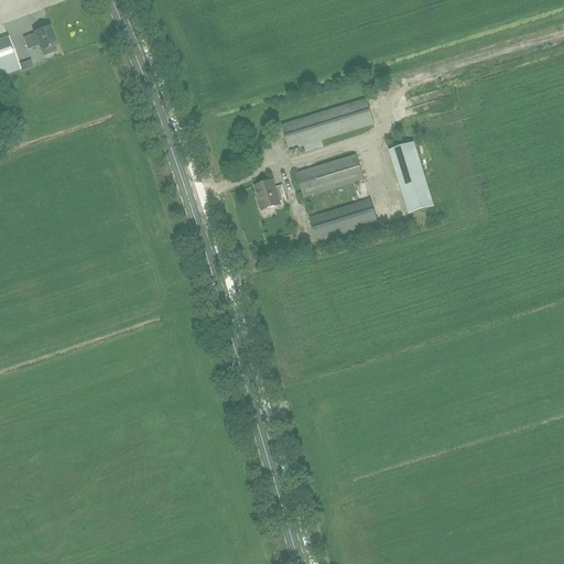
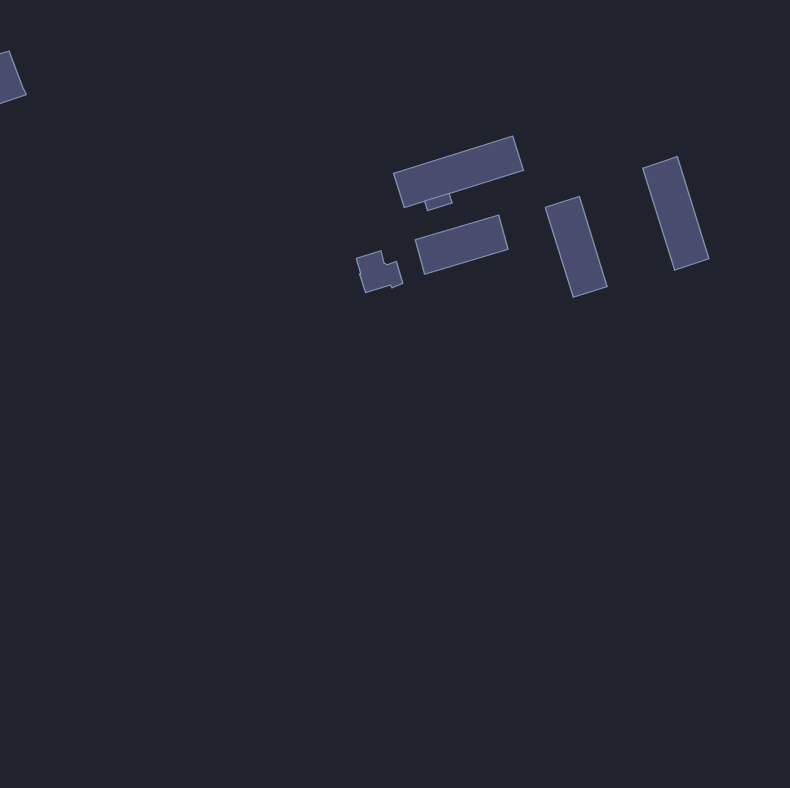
building: [22,24,56,55] -> none
building: none -> [643,156,709,270]
building: [308,198,376,240] -> none

